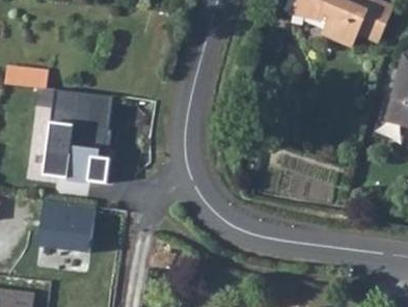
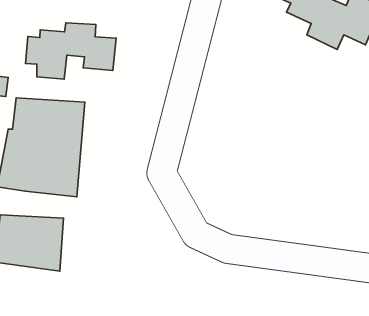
building: none -> [25,23,116,79]

